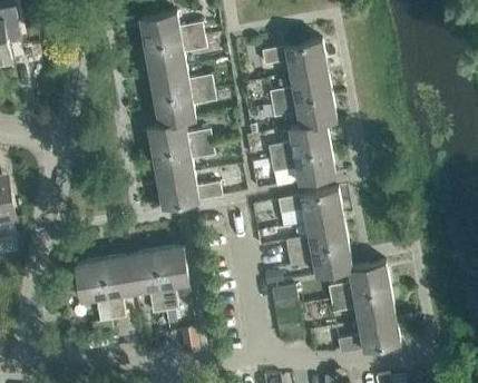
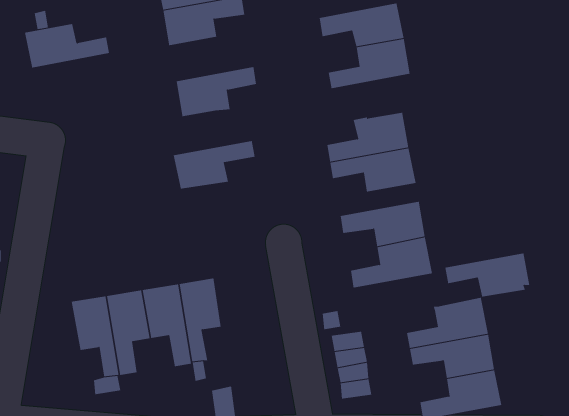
building: [148,65,213,98] -> [24,24,110,68]
building: [271,92,336,126] -> none
building: [147,120,212,154] -> none
building: [157,174,222,206] -> none
building: [287,243,352,276] -> [445,253,530,297]

